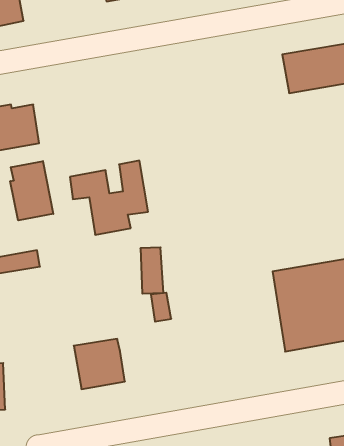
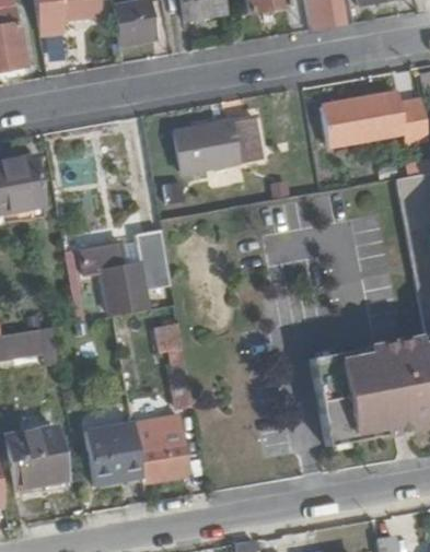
building: none -> [177,118,266,172]
building: [10,161,53,220] -> none
building: none -> [137,423,190,479]
building: none -> [8,426,67,486]

